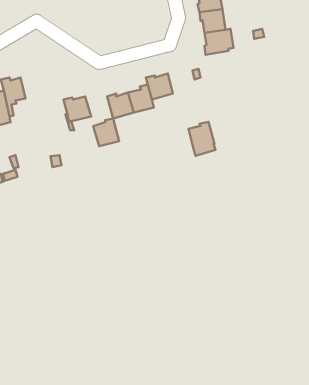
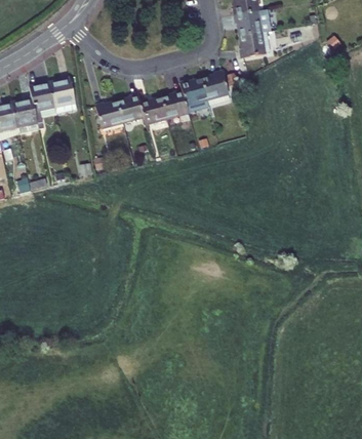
building: none -> [50,76,80,113]
building: [93,118,119,146] -> [117,93,144,122]
building: [189,122,215,156] -> [202,71,230,106]

